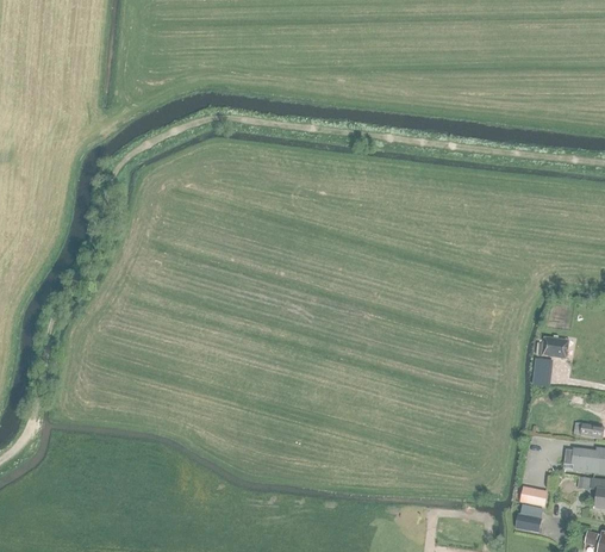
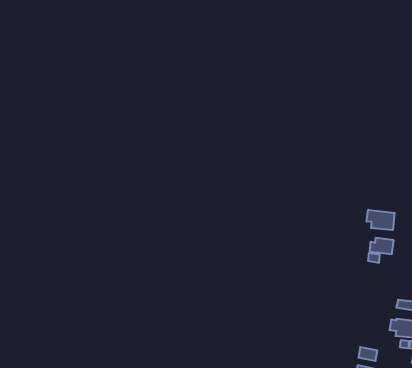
building: none -> [367,210,395,230]

